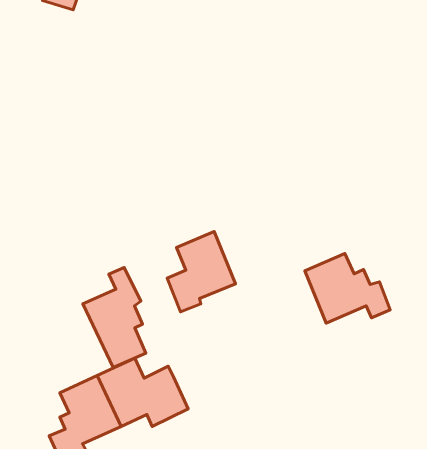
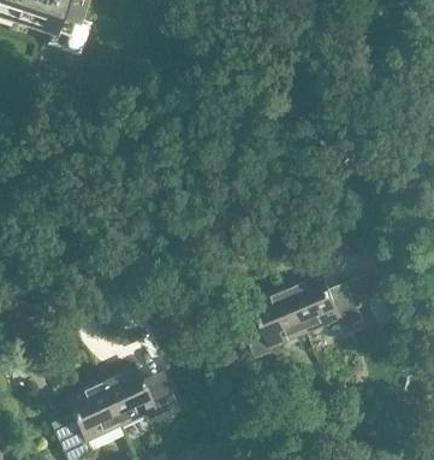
building: [167,231,236,312] -> [248,285,309,358]
building: [83,267,146,368] -> none

